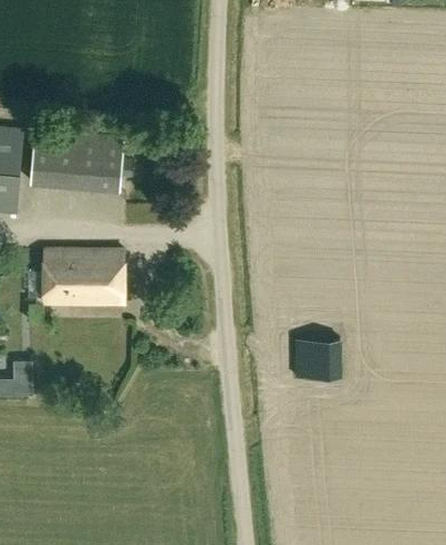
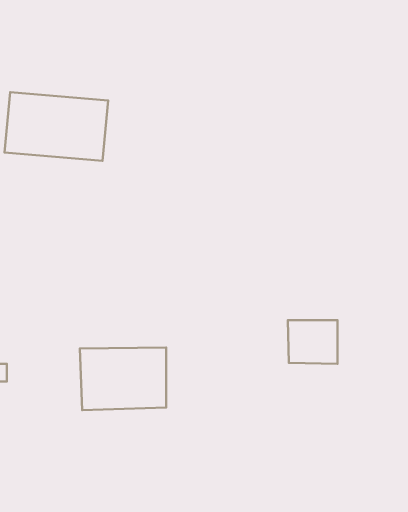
building: [43,249,124,307] -> [80,347,166,410]

